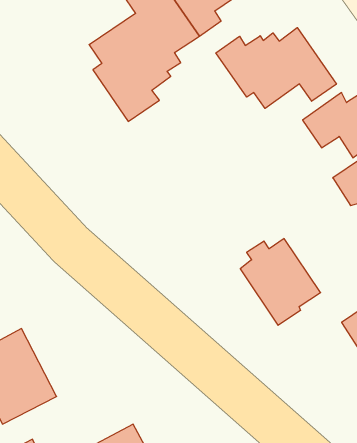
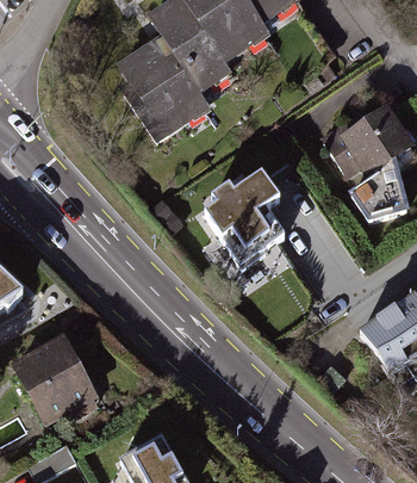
building: [216,28,336,108] -> none
building: [240,239,321,325] -> [209,185,285,267]

